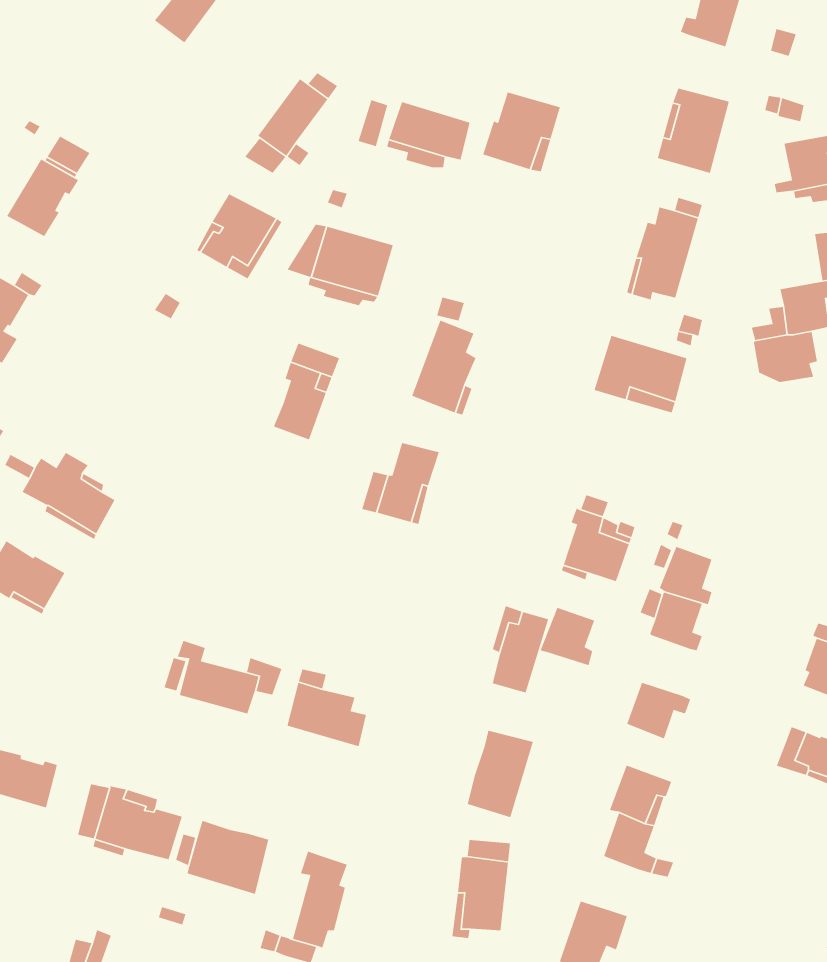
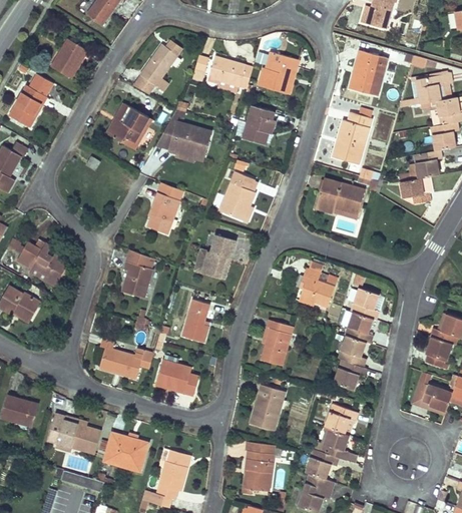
building: none -> [50,39,88,79]
building: none -> [243,105,275,144]
building: none -> [121,249,152,299]
building: none -> [181,299,207,341]
building: [539,607,595,666] -> [337,336,366,367]
building: none -> [305,449,339,479]

